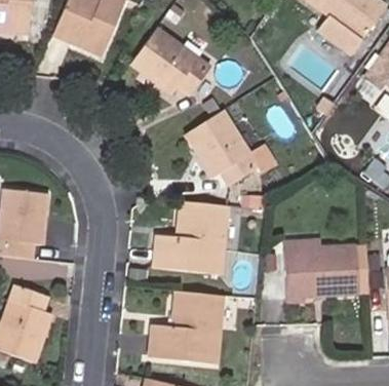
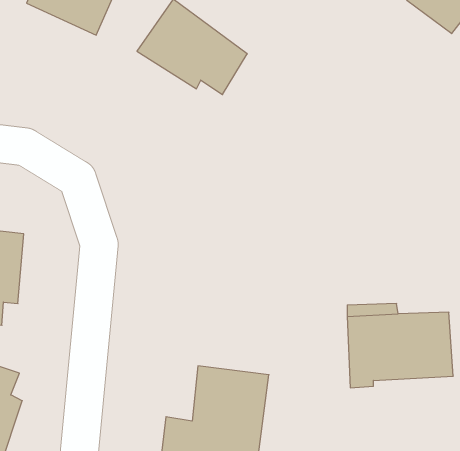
building: [187,109,279,188] -> none
building: [162,194,232,267] -> none

